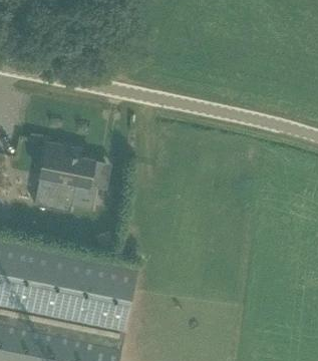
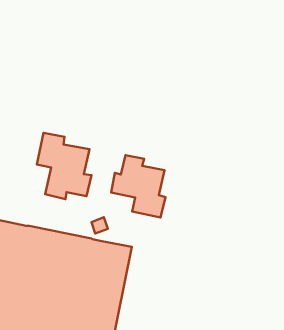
building: none -> [111,155,165,218]

